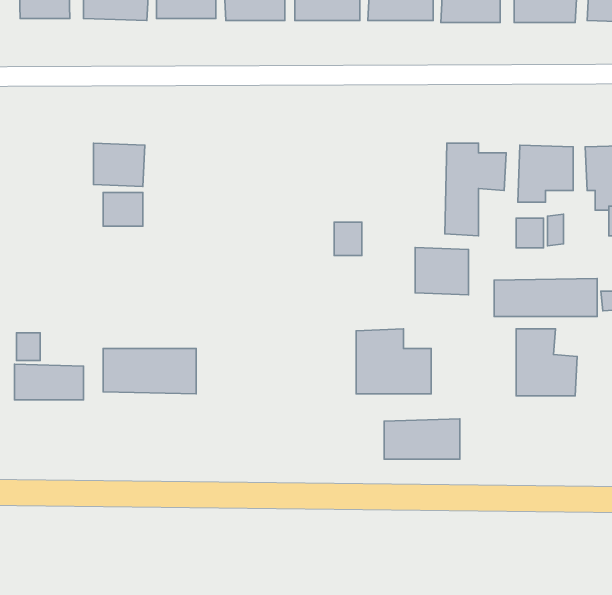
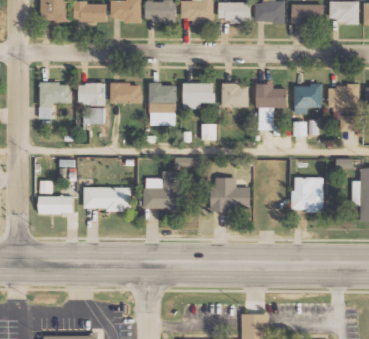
building: none -> [39,83,70,120]
building: none -> [182,83,213,110]
building: none -> [109,84,141,104]
building: none -> [148,85,175,126]
building: [415,247,468,295] -> [221,84,248,108]
building: [494,279,597,316] -> none
building: none -> [143,172,184,210]
building: [384,419,460,459] -> none

